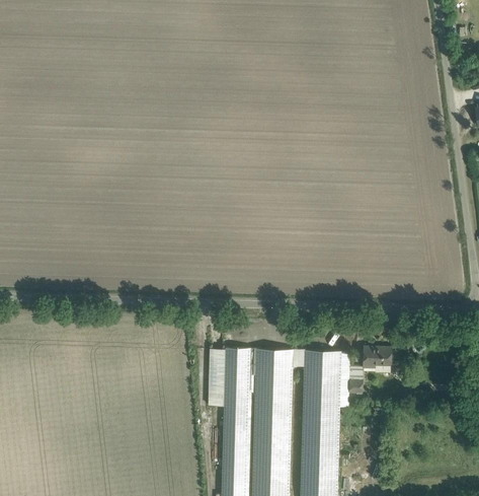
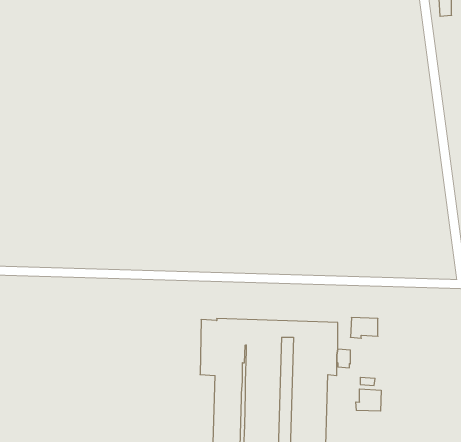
building: none -> [356,389,381,411]

